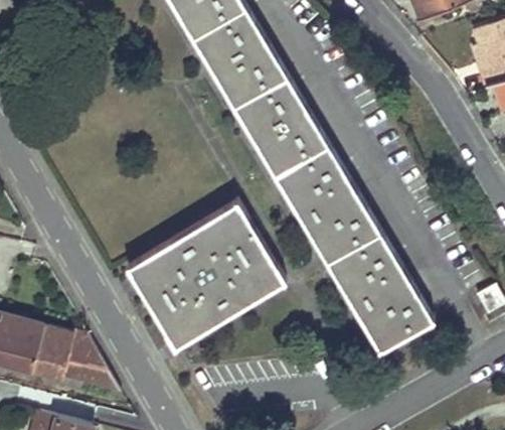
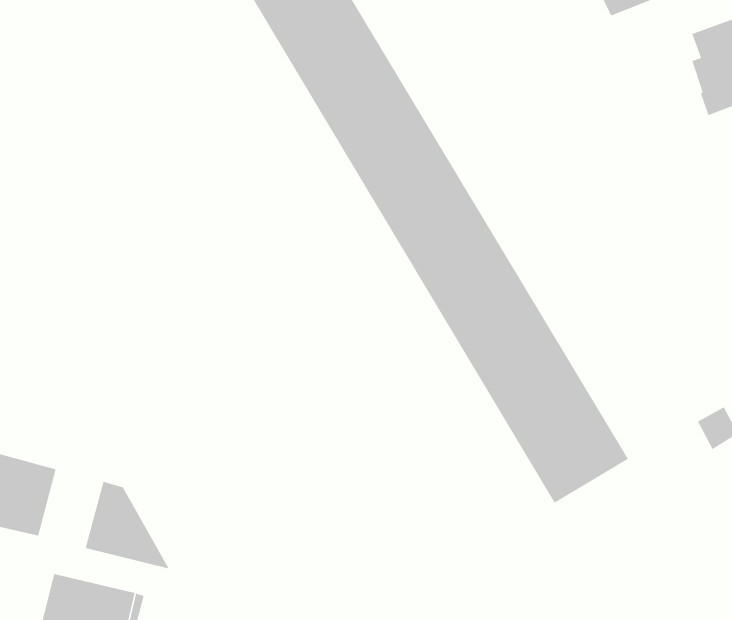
building: [128,201,283,346] -> none
building: [32,326,75,380] -> none

